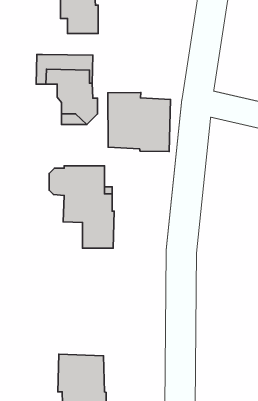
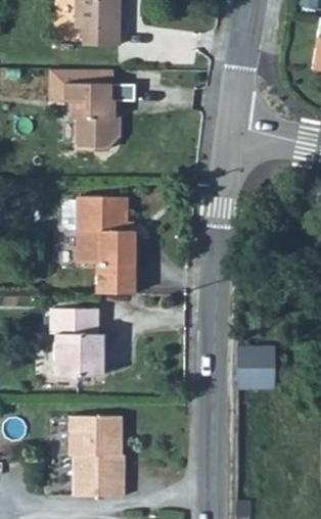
building: [108,92,170,152] -> none
building: none -> [51,305,104,375]
building: none -> [235,347,272,387]

